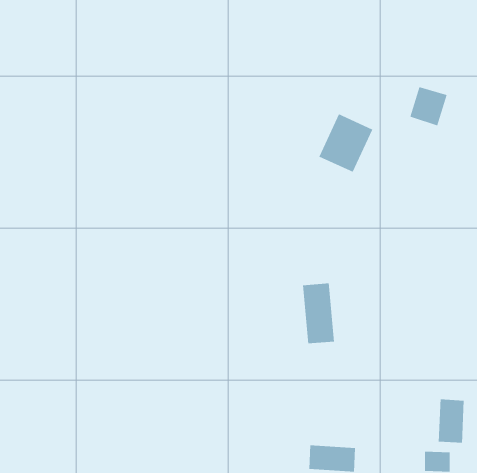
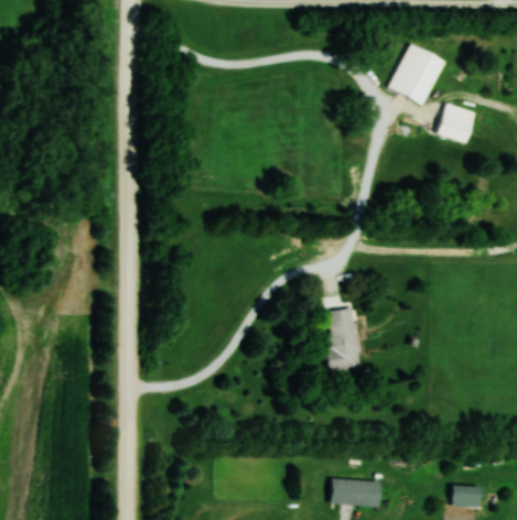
building: [319,114,373,173] -> [388,43,445,105]
building: [438,399,464,444] -> none

